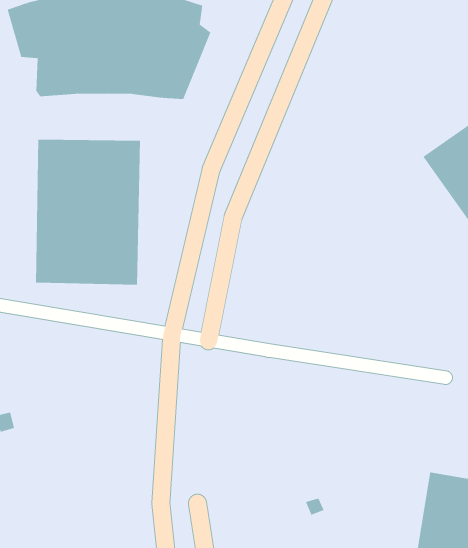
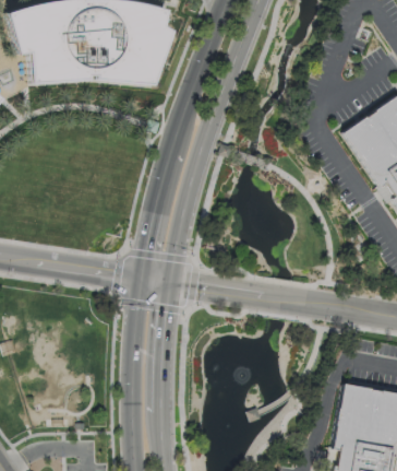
building: [35,139,140,285] -> none

